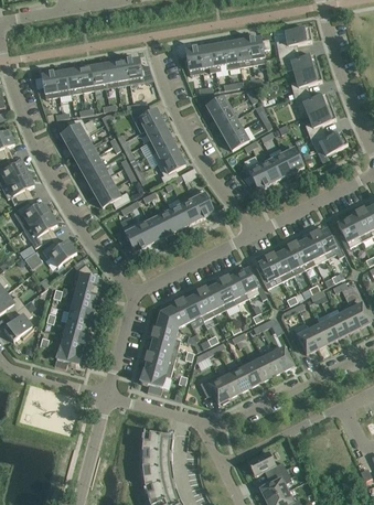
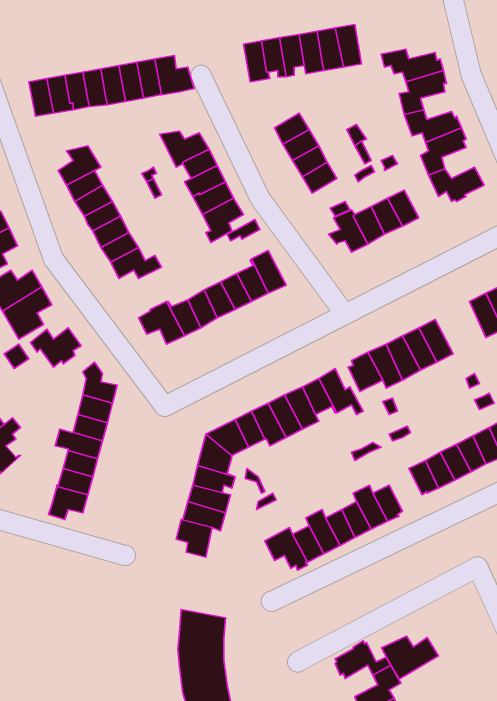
building: [276,25,311,54] -> none
building: [314,226,344,256] -> none
building: none -> [381,636,438,679]

